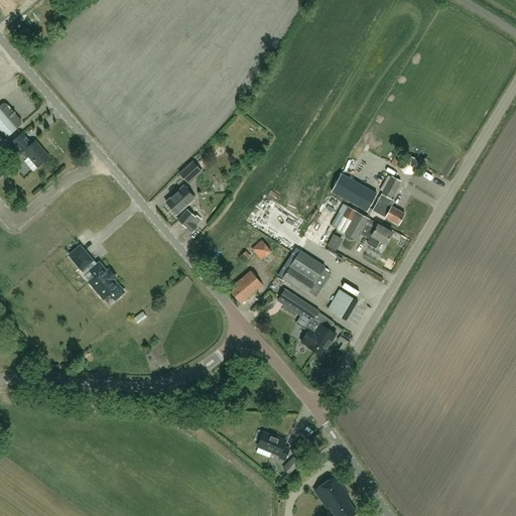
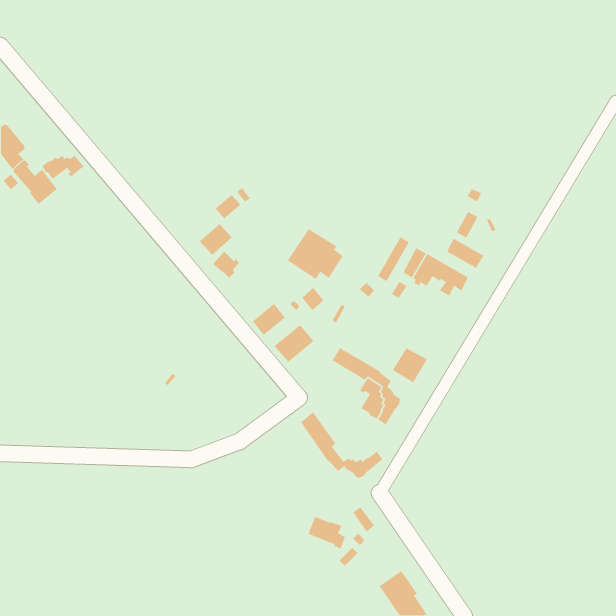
building: none -> [41,155,85,180]
building: [332,173,377,211] -> none
building: [70,246,124,299] -> none
building: [283,251,331,294] -> [287,228,344,280]
building: none -> [252,303,286,336]
building: none -> [300,411,384,479]

